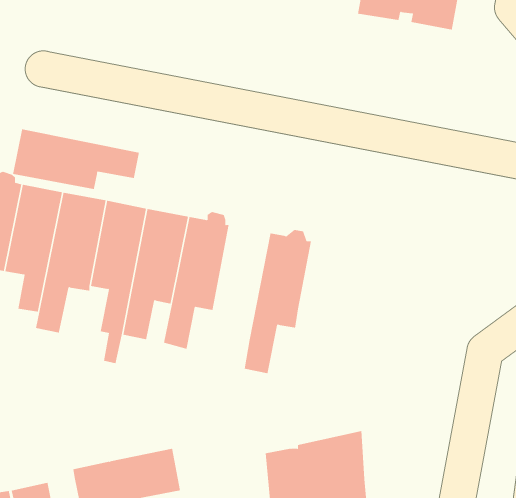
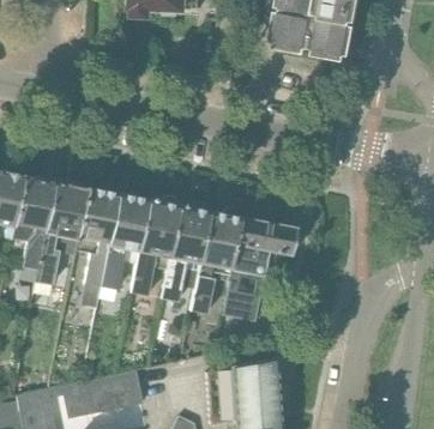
building: [13,128,139,190] -> none
building: none -> [159,200,209,302]
building: none -> [230,216,299,273]
building: none -> [222,288,260,319]

